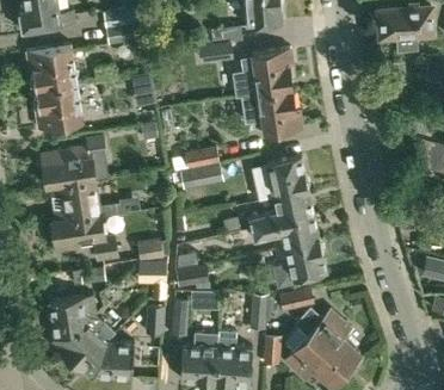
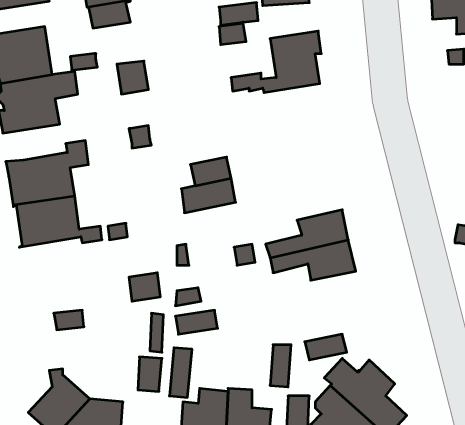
building: [246,89,301,135] -> none
building: [251,156,308,198] -> none
building: [51,211,117,258] -> none
building: [273,239,326,286] -> none
building: [49,295,95,351] -> none

